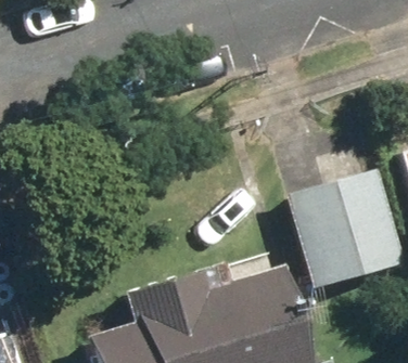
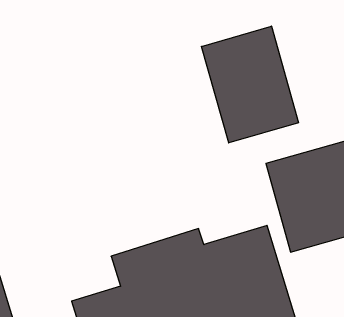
building: none -> [201,26,299,143]

